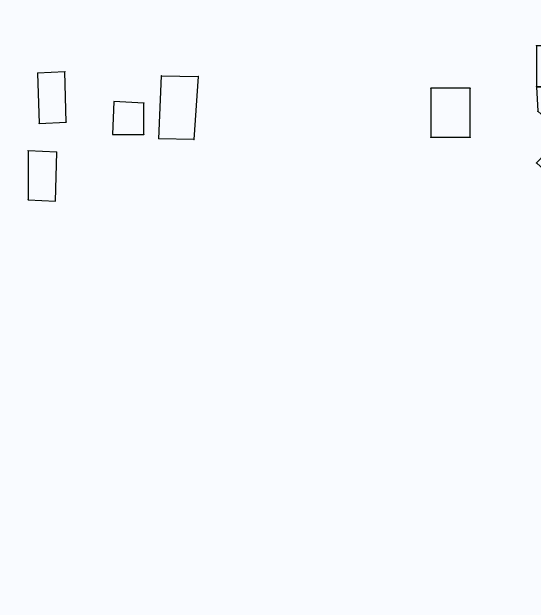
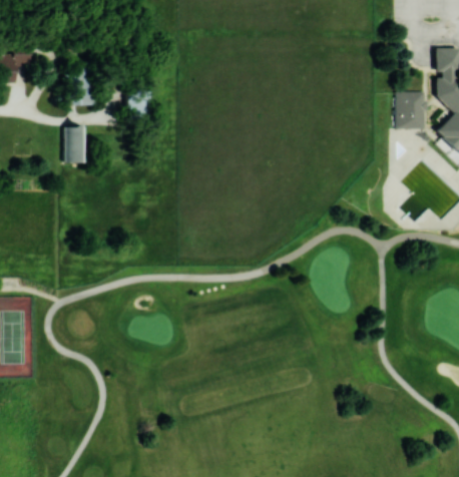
building: [159,76,198,140] -> none
building: [431,88,470,137] -> [398,92,427,128]

